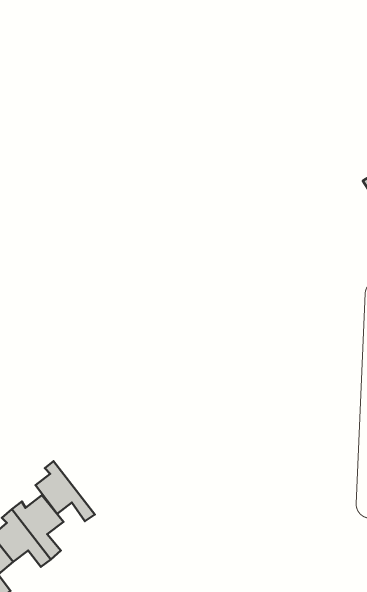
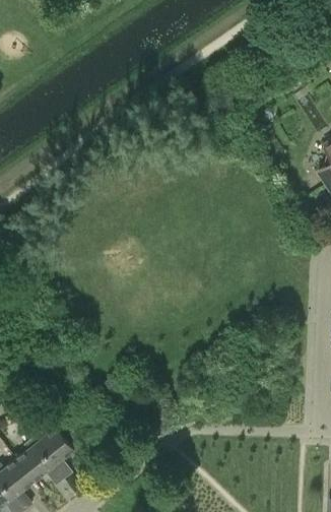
building: [36,461,95,521] -> none

